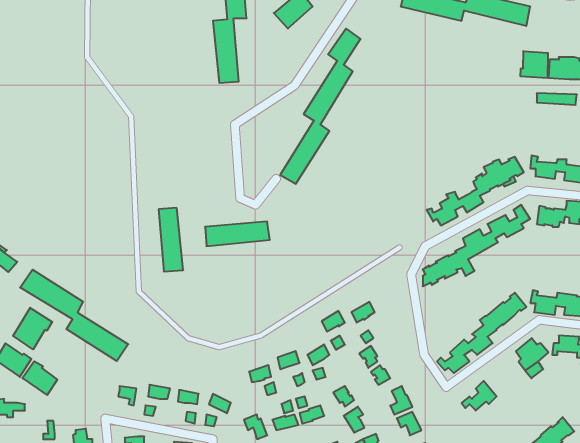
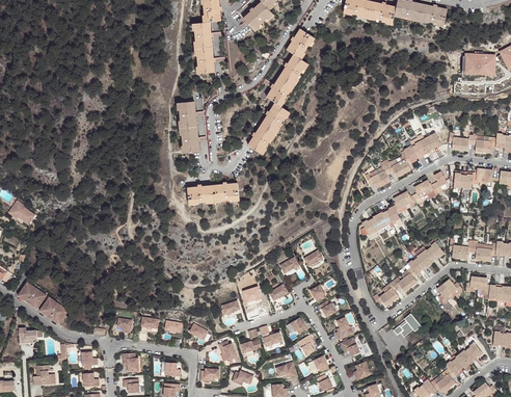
building: [521,51,548,78] -> none
building: [159,208,183,271] -> [179,102,198,153]
building: [20,270,128,361] -> none
building: [13,308,52,349] -> none

